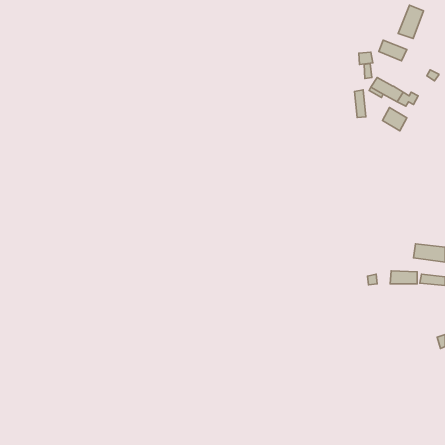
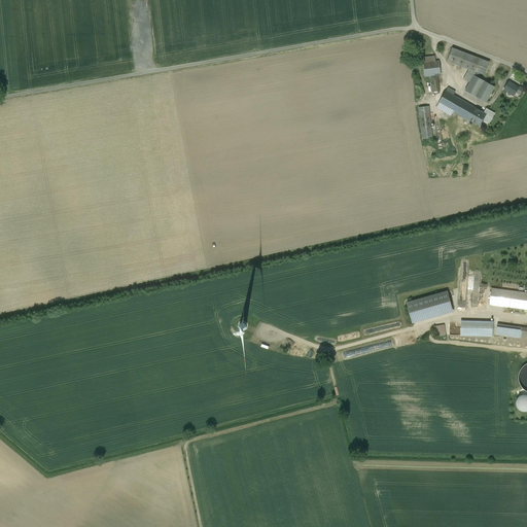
building: [398,5,423,39] -> none
building: [382,107,407,131] -> [465,75,494,103]
building: none -> [407,291,452,322]

